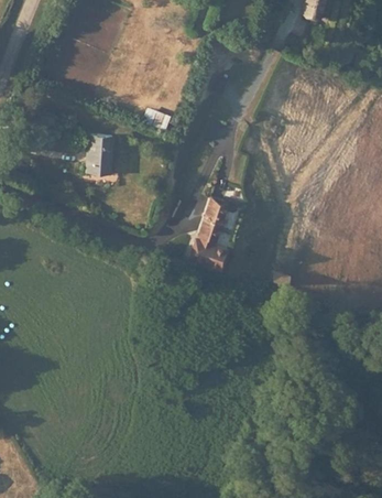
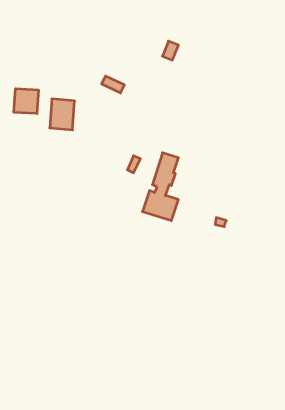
building: none -> [14,89,38,114]

